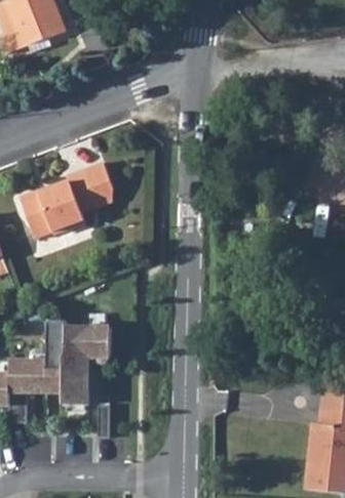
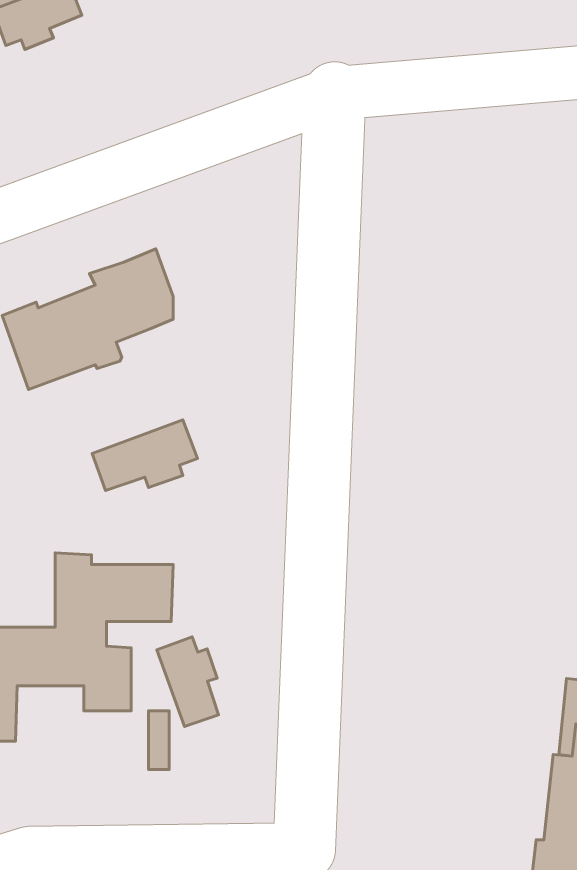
building: none -> [92,420,197,491]
building: none -> [157,637,218,727]

